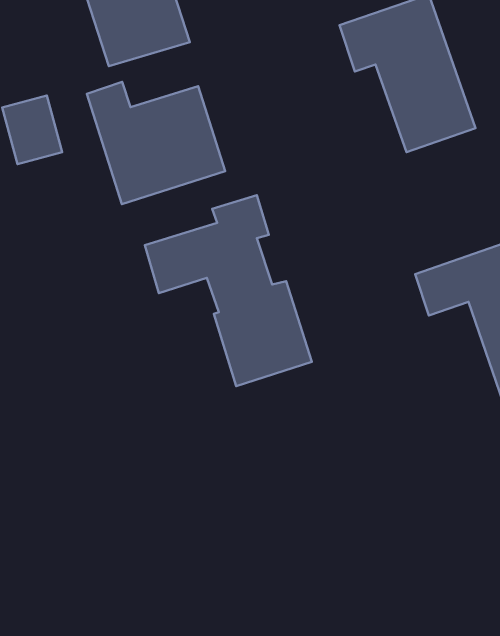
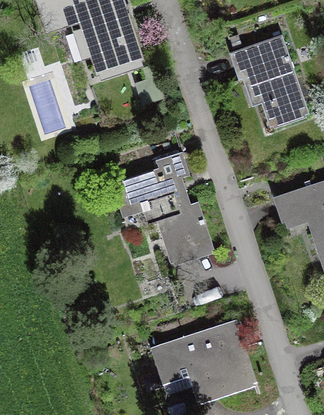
building: [87,82,225,204] -> none
building: none -> [155,321,256,401]

